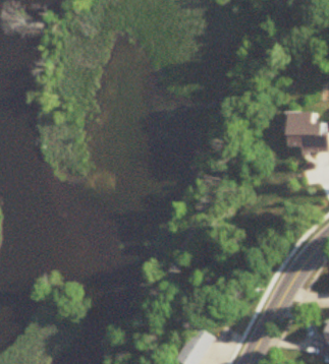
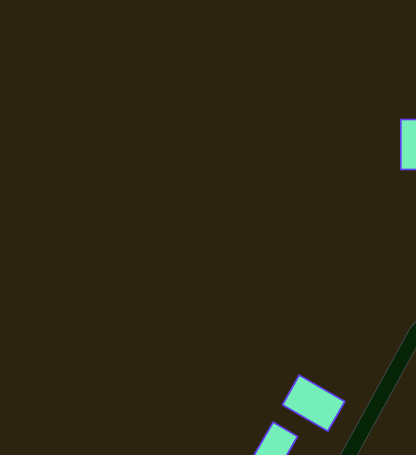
building: none -> [282,375,345,431]

